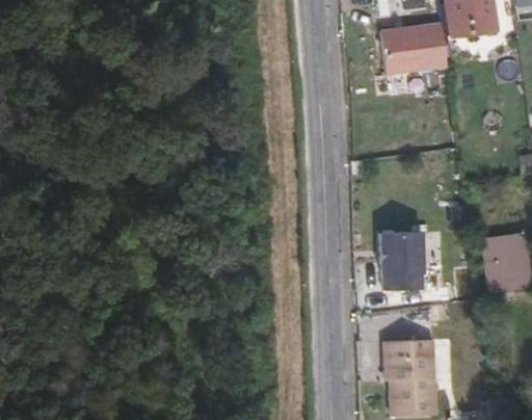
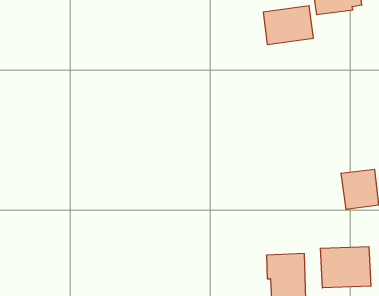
building: [380,233,424,290] -> none
building: none -> [321,247,371,288]

